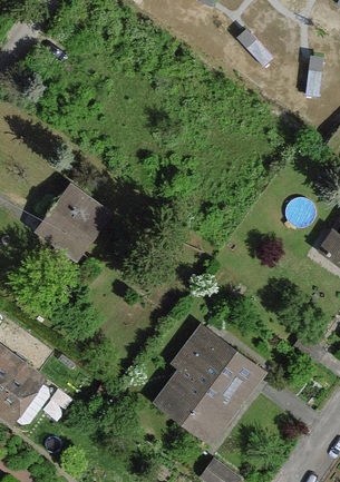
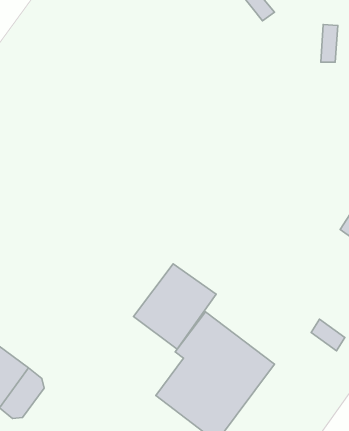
building: [38,186,109,258] -> none
building: none -> [133,264,216,349]

